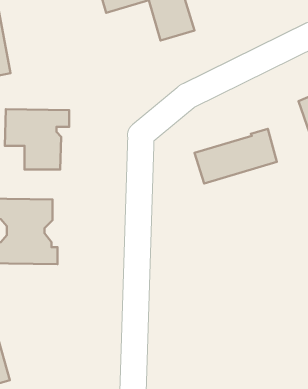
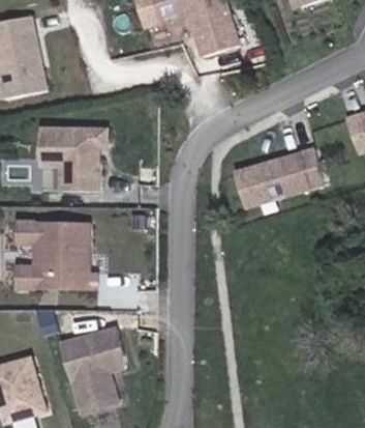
building: none -> [62,327,123,411]

